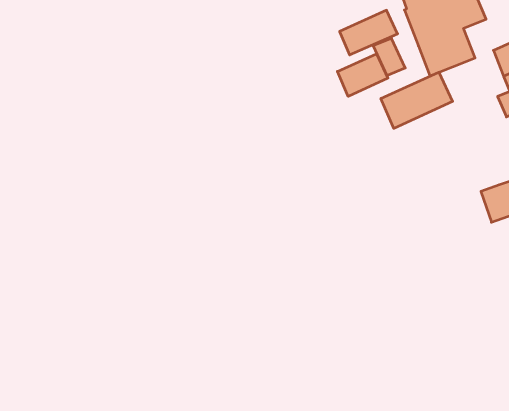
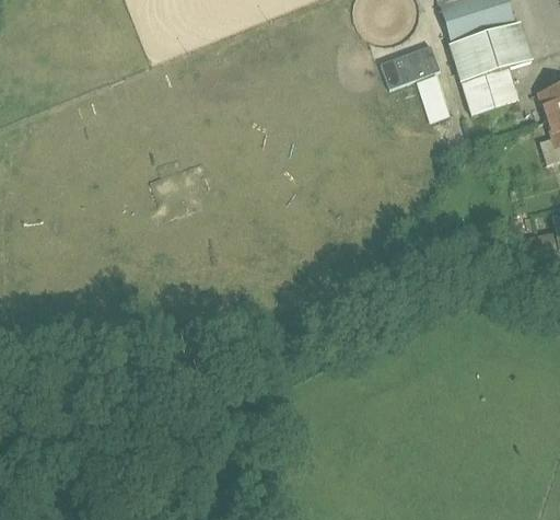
building: [337,54,388,96] -> none
building: [381,72,453,128] -> none

